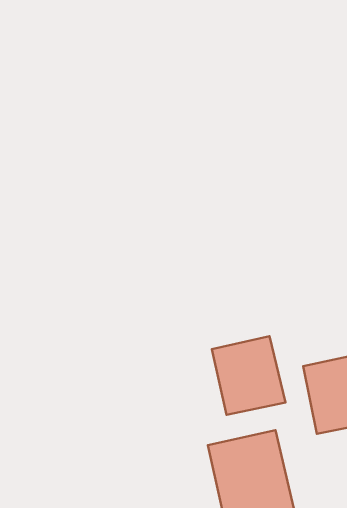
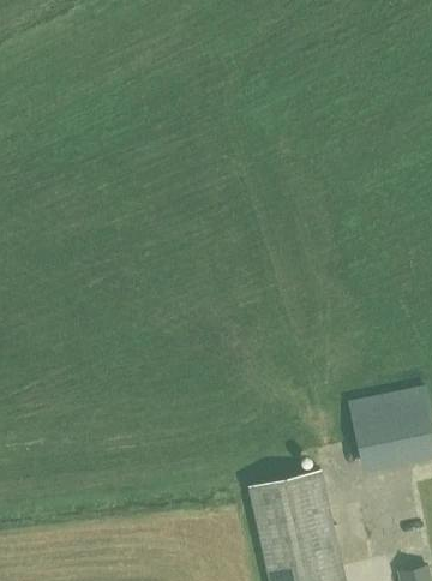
building: [212,336,285,415] -> none

